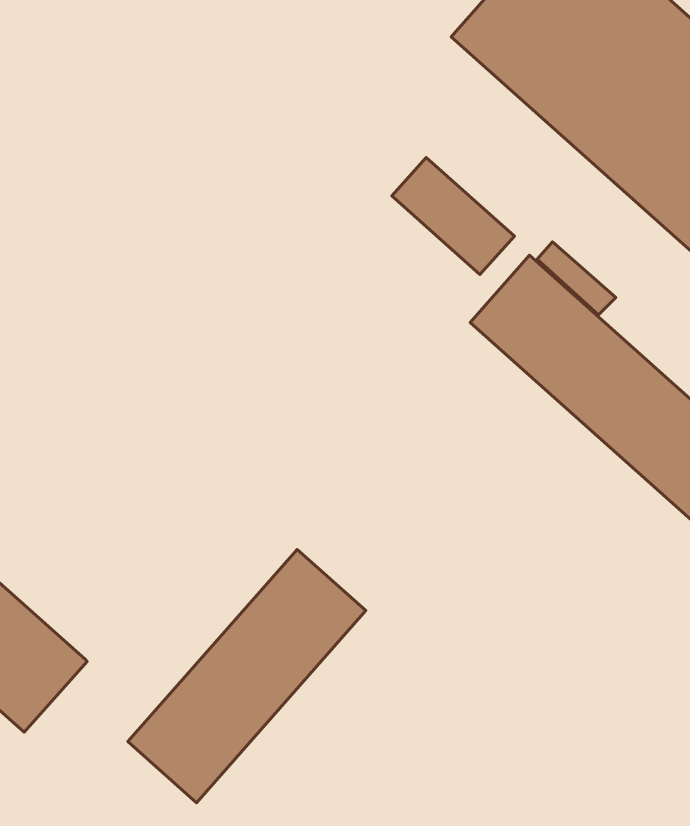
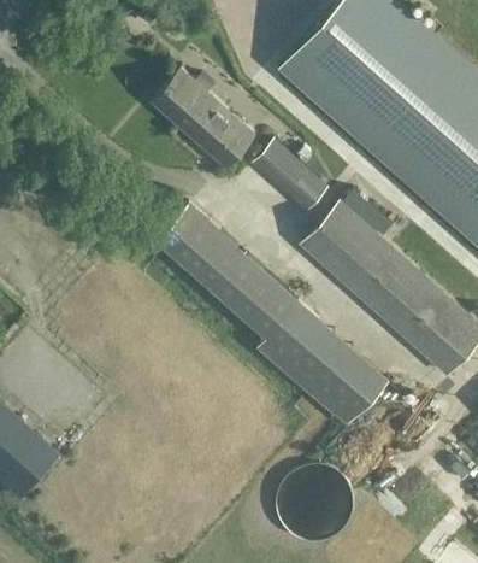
building: none -> [153,72,250,165]
building: none -> [154,203,390,428]
building: [128,549,366,803] -> none

